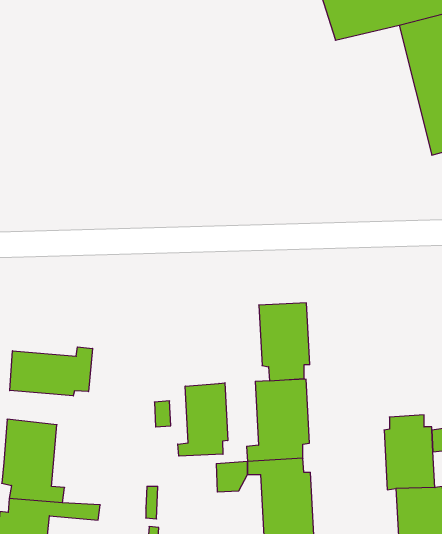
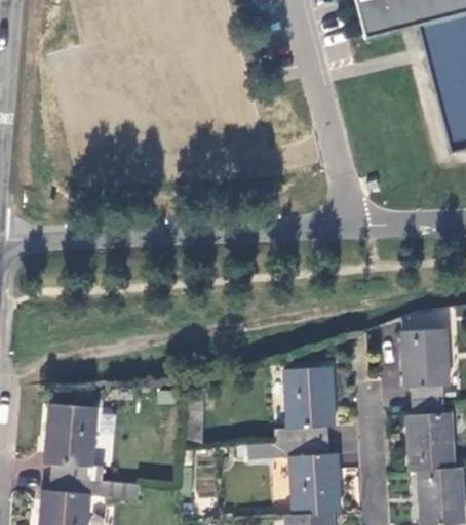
building: [259,303,310,381] -> [401,326,450,400]
building: [10,347,93,396] -> none
building: [178,383,228,456] -> none

